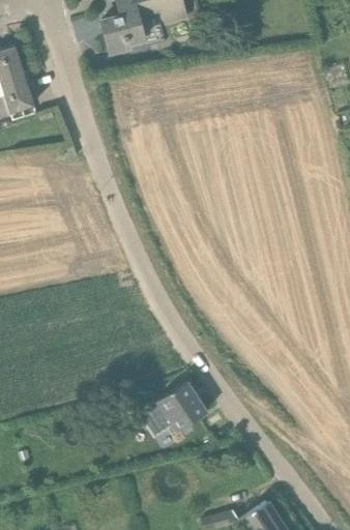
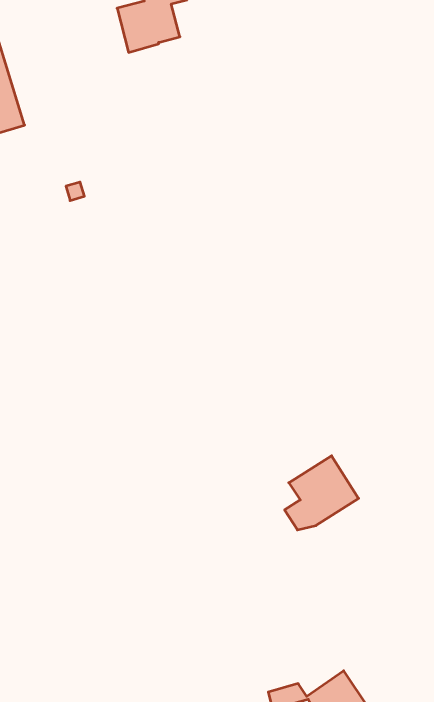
building: [152,381,206,435] -> [285,456,359,530]

